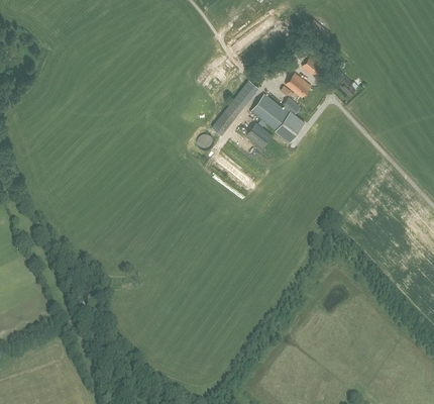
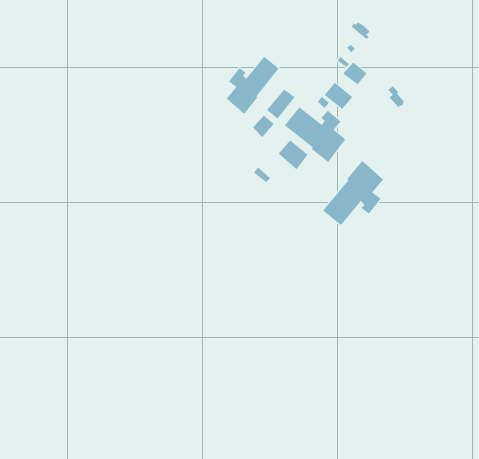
building: none -> [226,56,280,115]
building: none -> [322,160,384,226]

